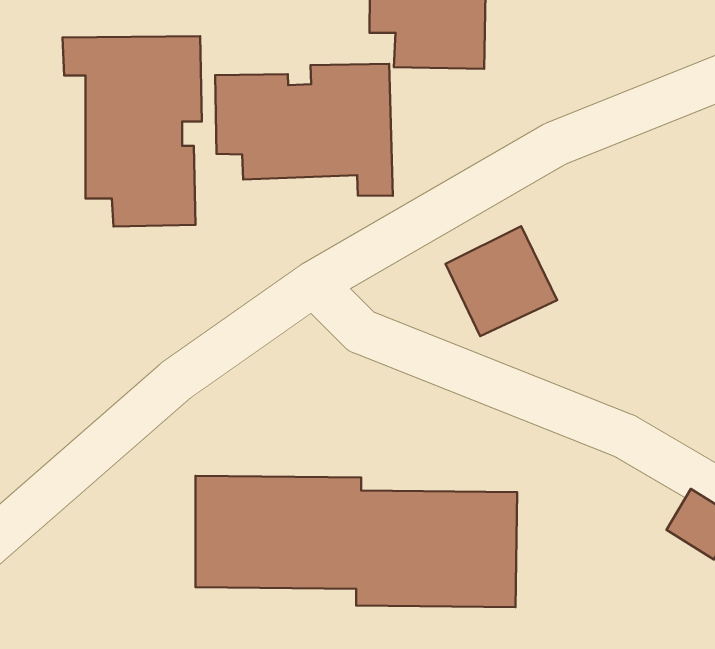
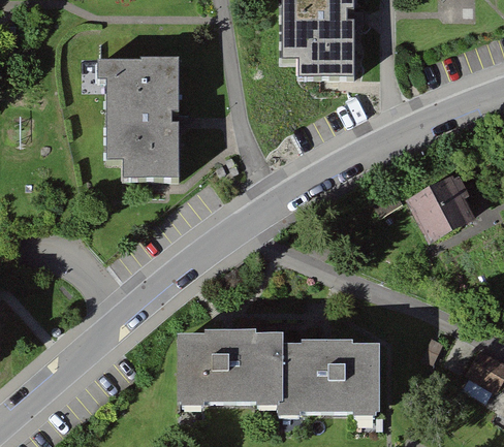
building: [215,64,393,196] -> none
building: [446,226,557,336] -> [410,164,480,233]

